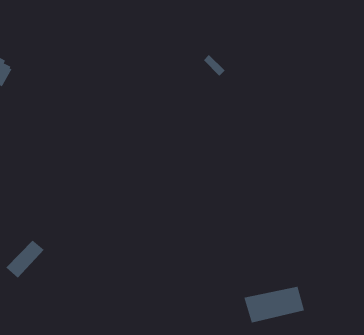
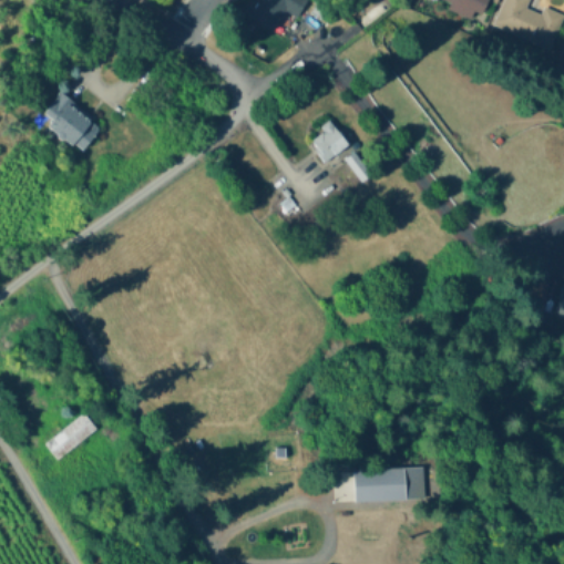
building: none -> [314,120,349,162]
building: [6,240,45,278] -> [42,412,95,459]

